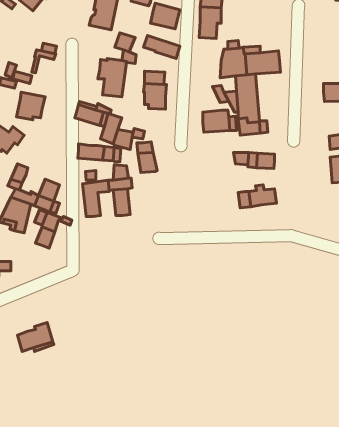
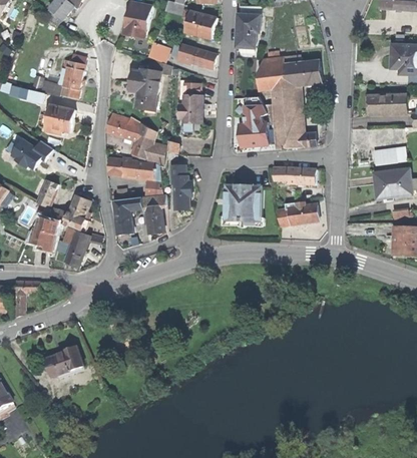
building: none -> [61,66,83,97]
building: none -> [226,184,262,221]
building: none -> [174,187,191,215]

